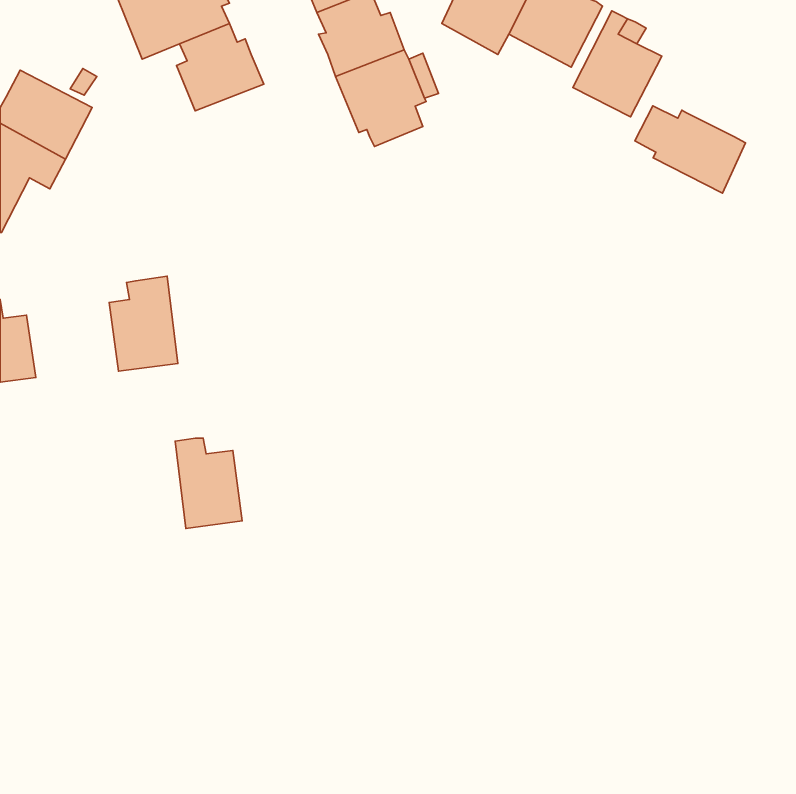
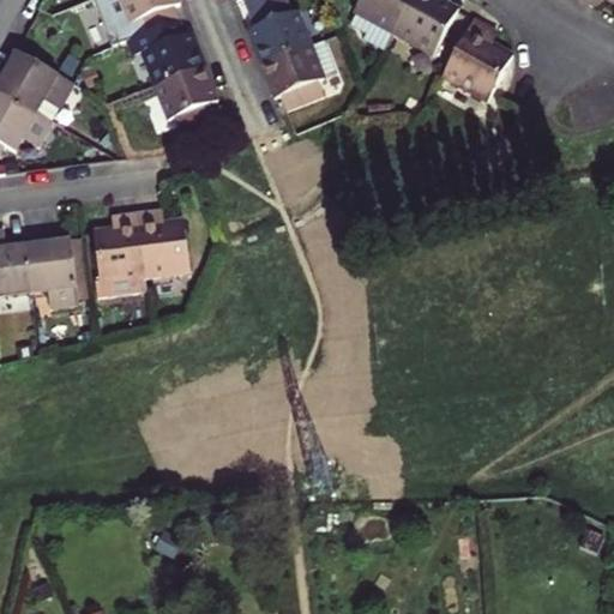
building: none -> [151,65,224,132]
building: [635,106,745,193] -> none
building: none -> [22,236,74,306]
building: [175,438,242,529] -> [130,210,181,279]

